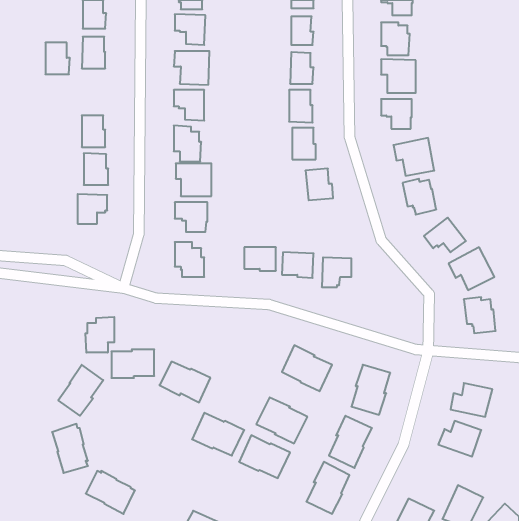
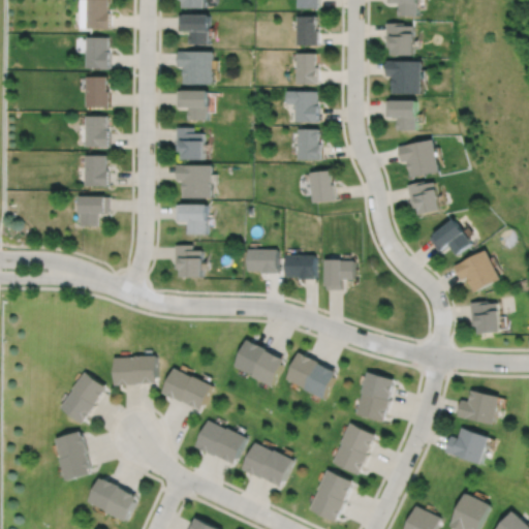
building: [45,43,70,74] -> [83,77,107,110]
building: [85,317,114,353] -> none
building: [256,397,307,443] -> [232,338,284,384]

